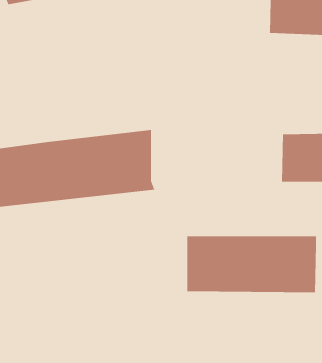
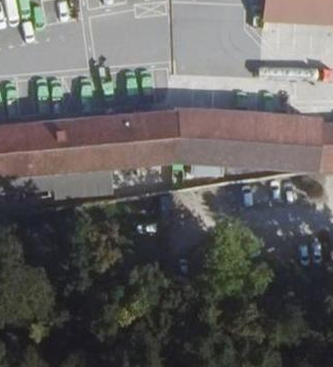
building: [186,236,317,293] -> [150,118,272,171]

